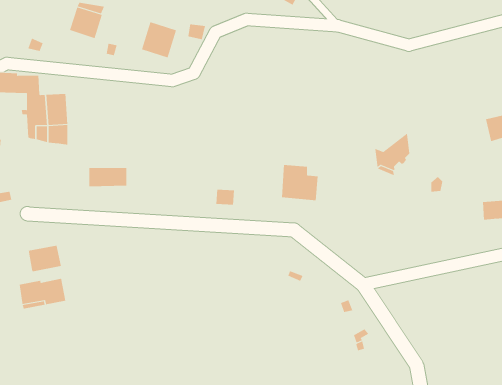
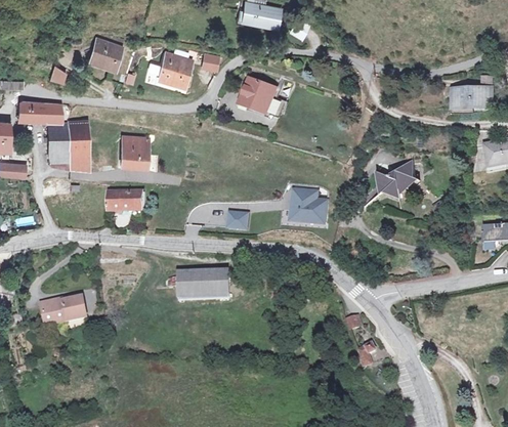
building: none -> [241,77,285,114]
building: none -> [454,88,494,109]
building: none -> [120,135,149,167]
building: [28,245,61,272] -> none
building: none -> [177,270,229,300]

